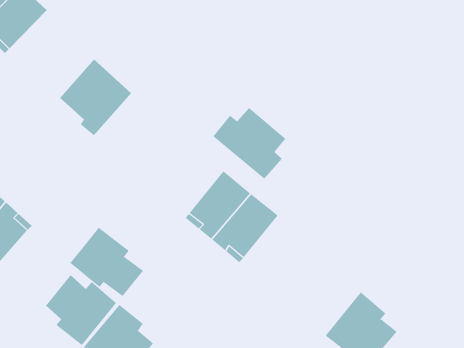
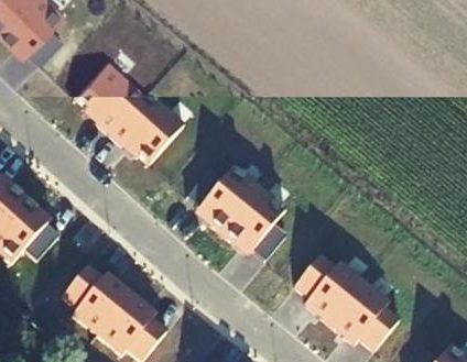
building: none -> [108,94,182,164]
building: [213,107,286,180] -> none
building: [70,227,144,297] -> none
building: none -> [293,256,362,325]

